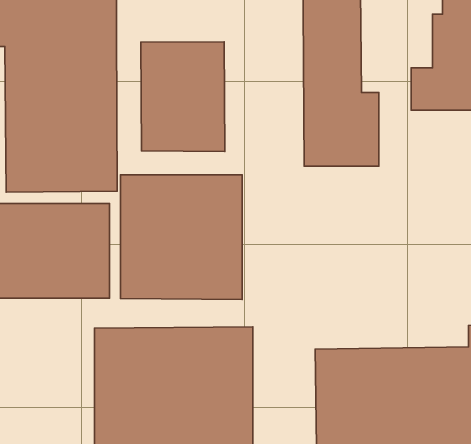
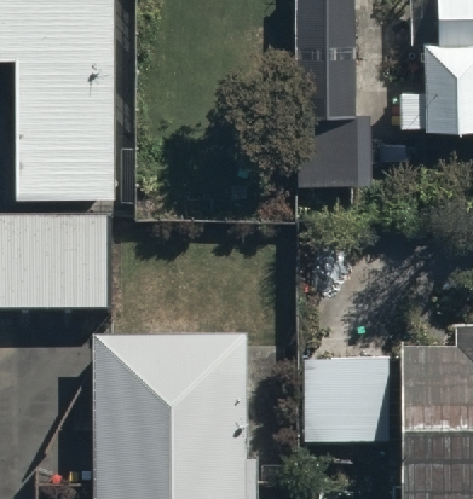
building: [141,42,225,151] -> none
building: [120,175,242,300] -> none

